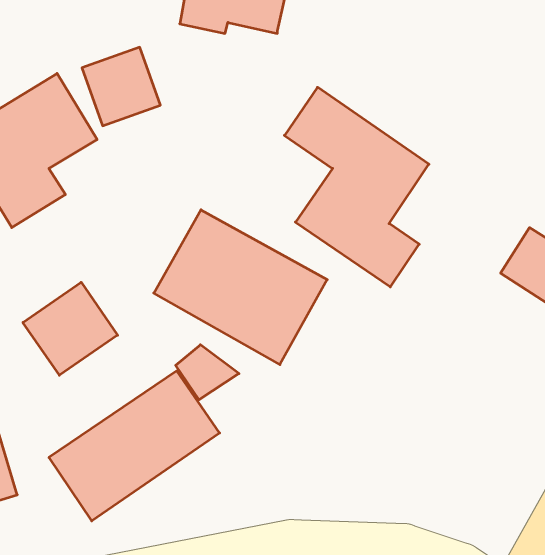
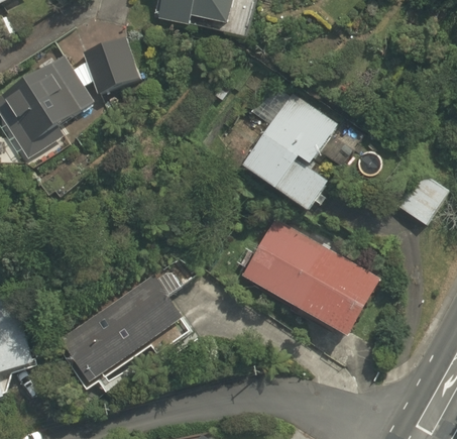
building: [154,210,327,365] -> none
building: [23,282,118,375] -> none
building: none -> [241,218,380,336]

